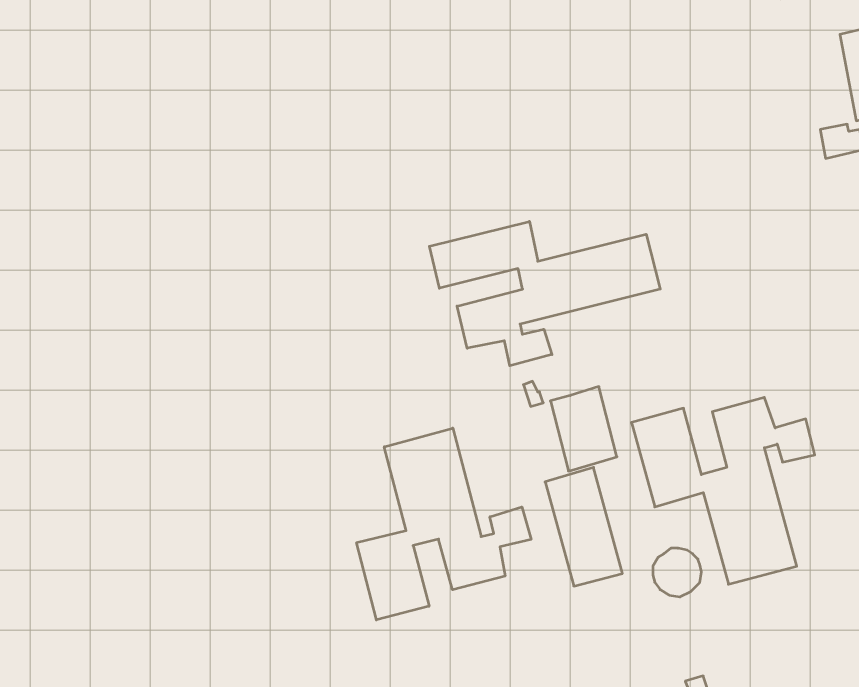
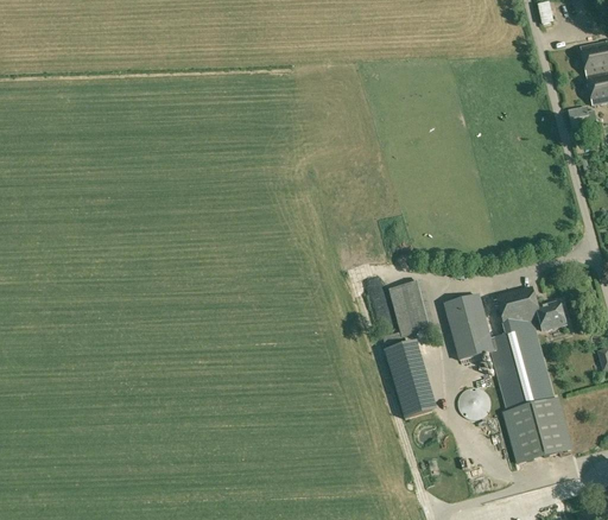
building: [429,221,660,366] -> none
building: [357,428,531,620] -> none
building: none -> [504,398,570,463]

